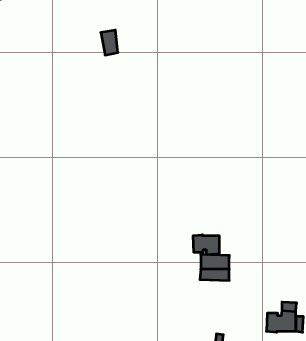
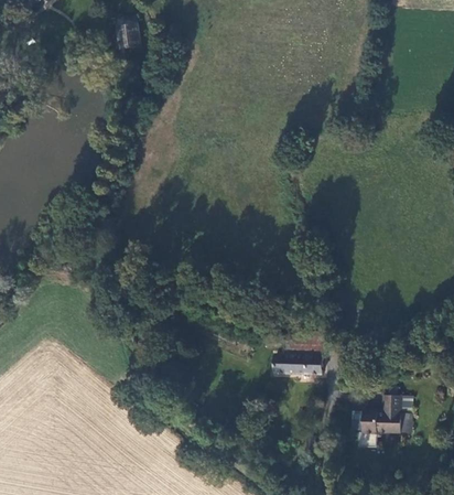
building: [101,30,118,55] -> [114,19,136,51]
building: [193,235,219,255] -> none

